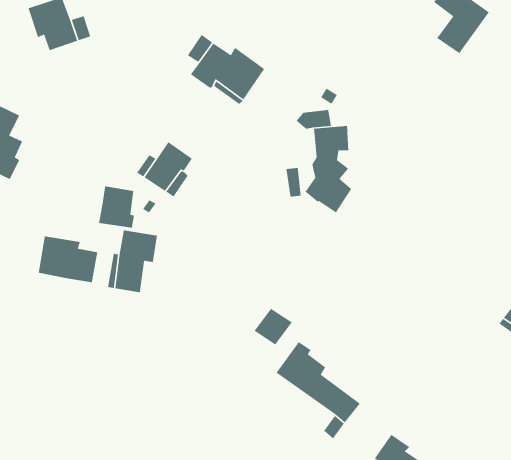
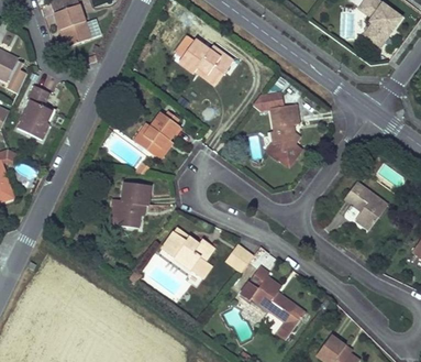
building: [98,185,135,229] -> none
building: none -> [343,182,386,230]
building: [38,236,98,283] -> none
building: none -> [159,227,213,270]

